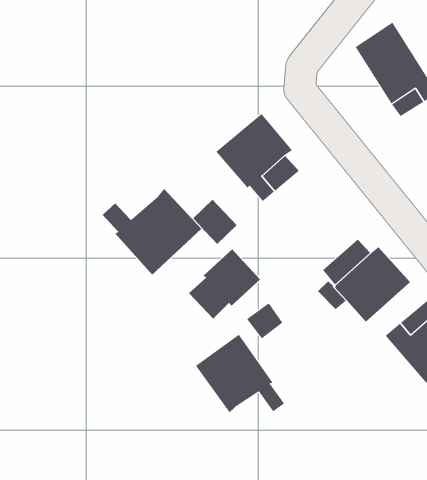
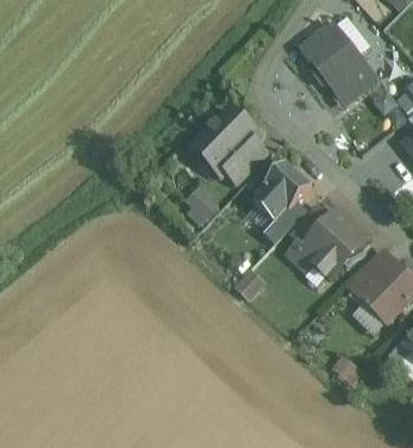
building: [102,188,202,275] -> none
building: [188,248,261,320] -> [254,162,313,223]
building: [195,334,285,413] -> none

